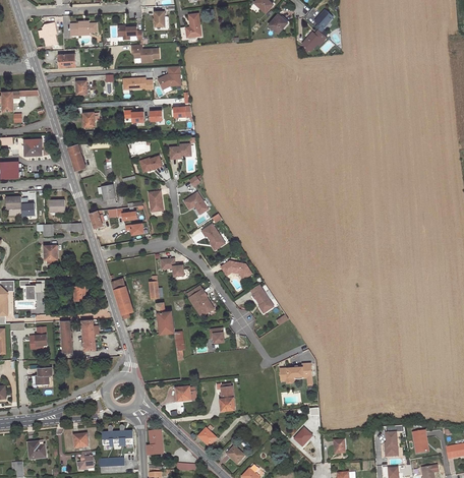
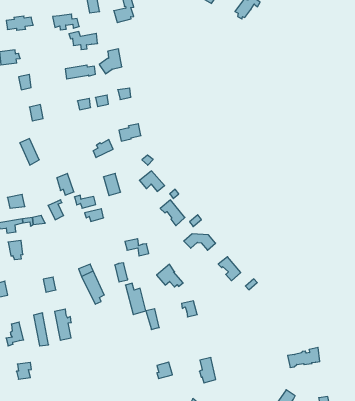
building: [279,363,310,379] -> [288,347,320,367]

